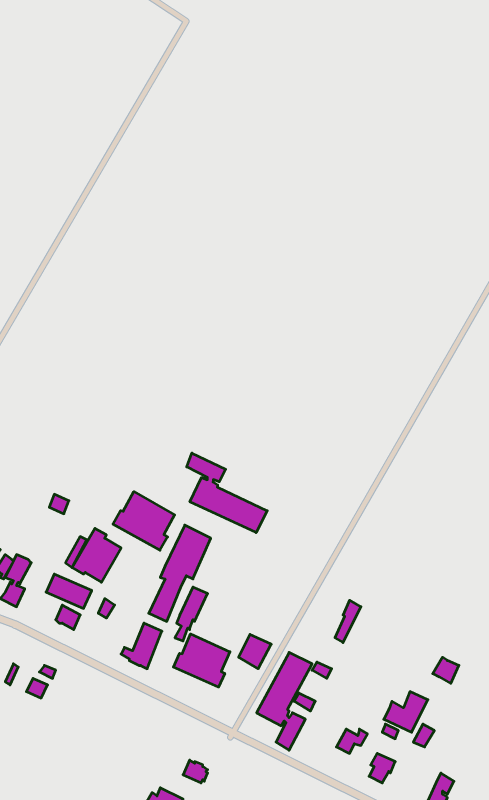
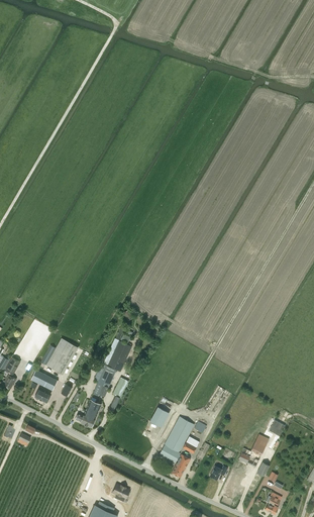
building: [187,453,267,533] -> none
building: [113,492,175,550] -> none
building: [173,634,230,687] -> none

